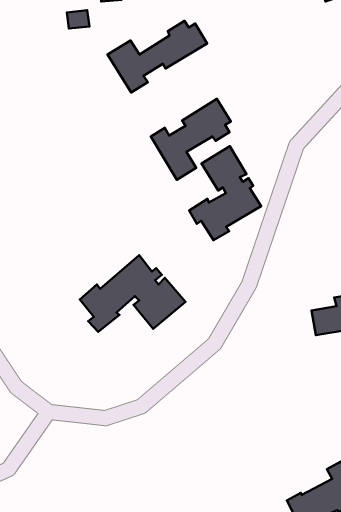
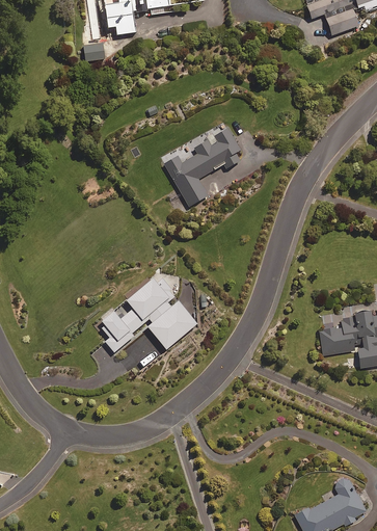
building: [107,21,207,92] -> none
building: [189,146,261,240] -> none

